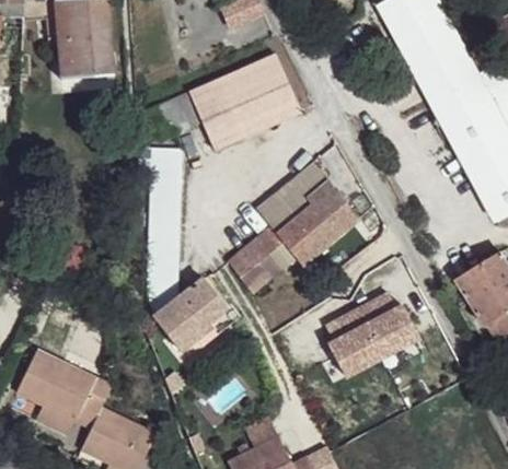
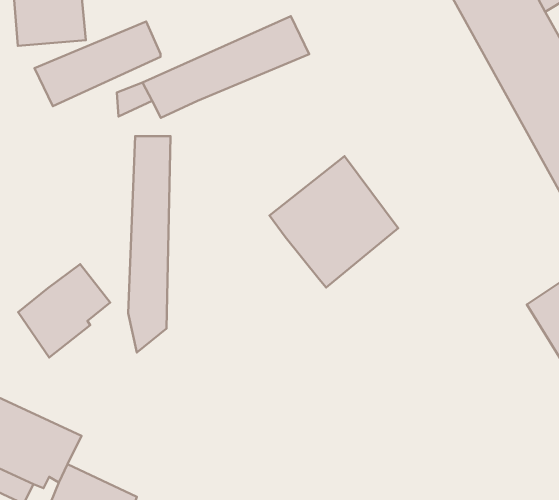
building: [201,85,299,151] -> [35,21,160,106]
building: [227,226,296,293] -> none
building: [154,279,226,351] -> [18,264,110,358]
building: [319,295,411,382] -> none

